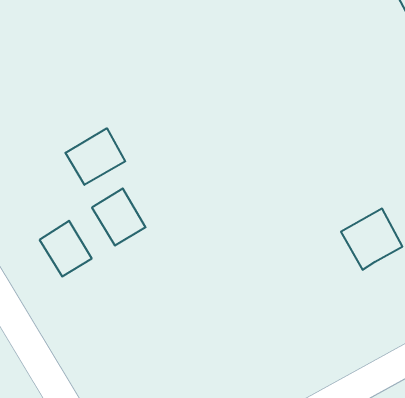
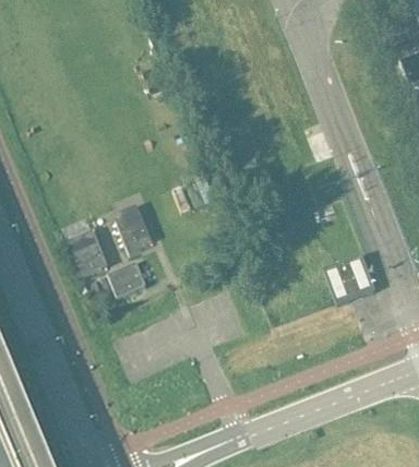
building: [65,128,125,185] -> none
building: none -> [107,262,146,298]

